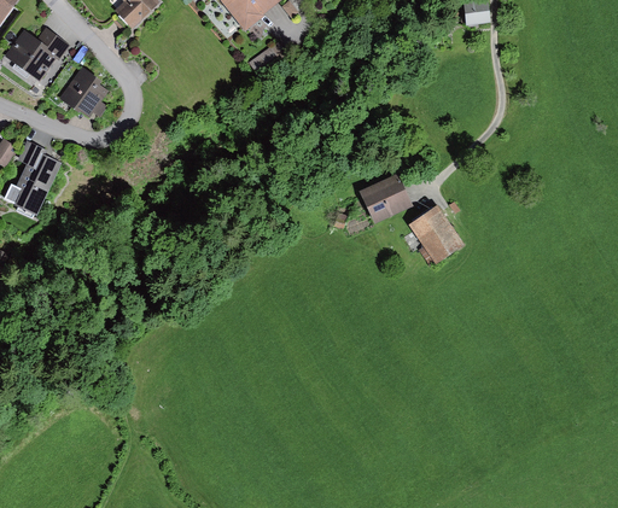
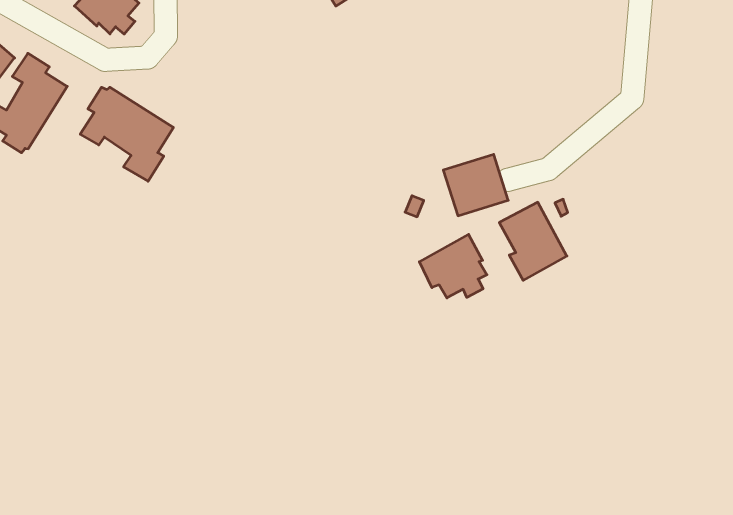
building: none -> [80,87,173,181]
building: none -> [419,234,487,298]

